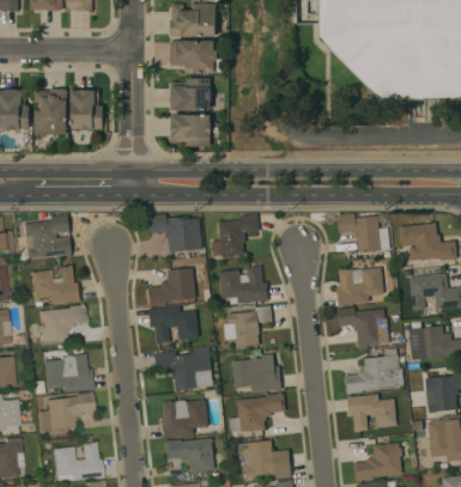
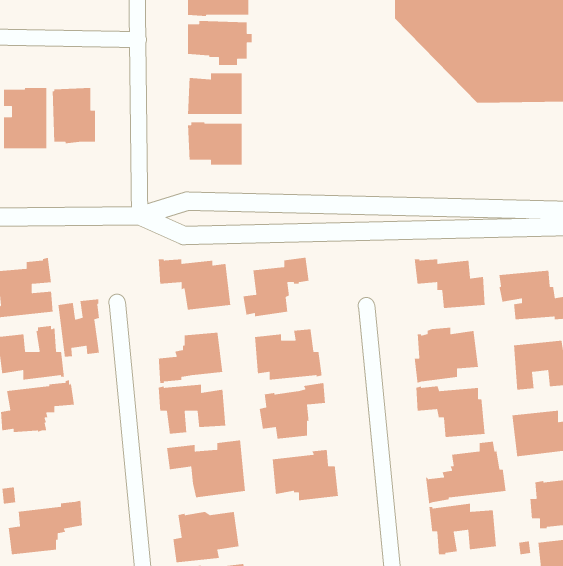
building: none -> [58,299,100,358]
building: [43,354,93,392] -> none
building: [229,392,285,432] -> none

